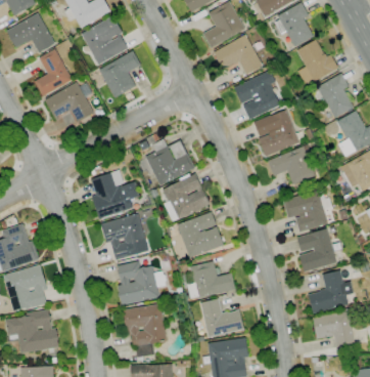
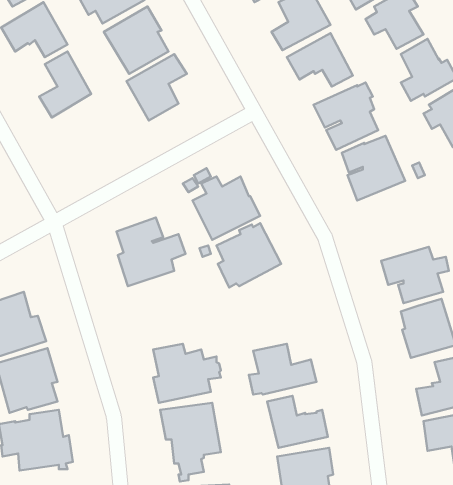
building: [45,81,95,122] -> none
building: [268,144,320,184] -> none
building: [177,211,224,257] -> none
building: [101,213,148,260] -> none

